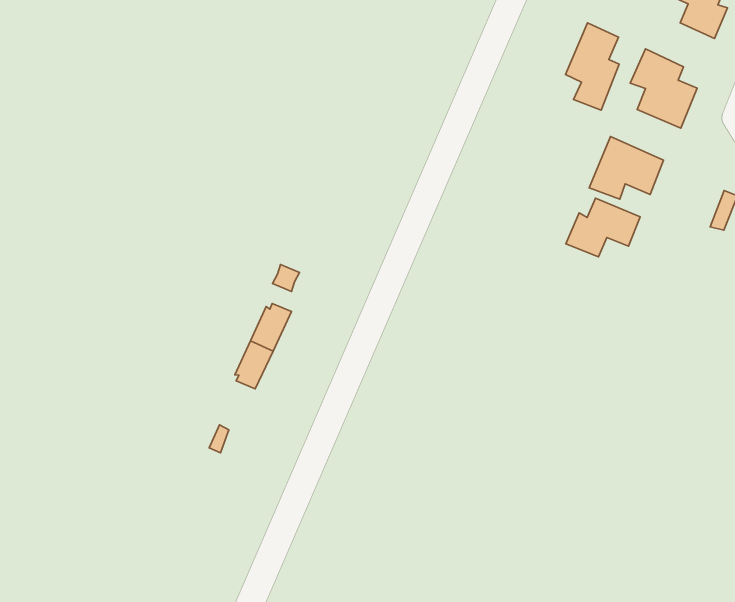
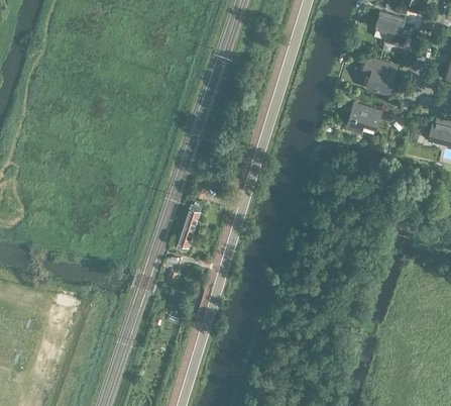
building: [565,23,619,110] -> none
building: [566,198,640,257] -> none

